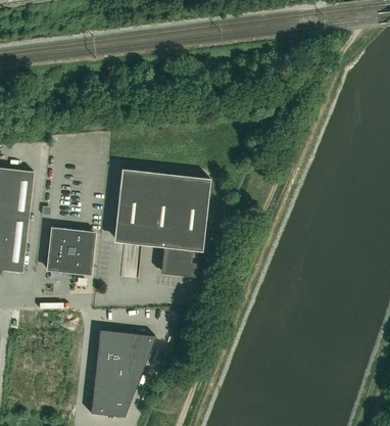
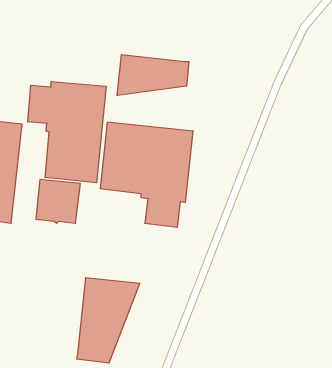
building: none -> [117,55,189,96]
building: none -> [28,81,106,183]

